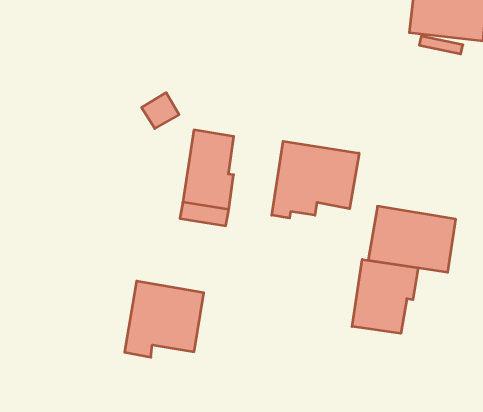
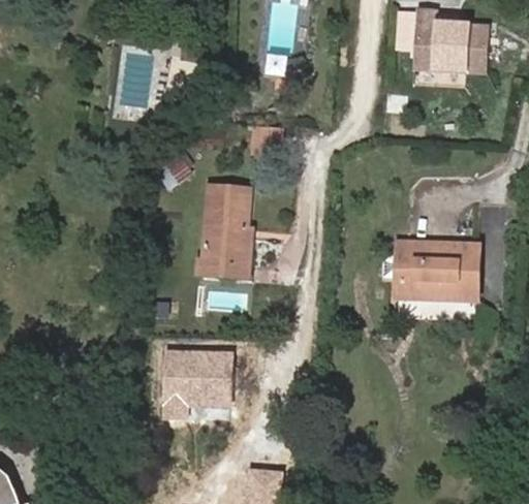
building: [272,141,359,218] -> none
building: [352,259,418,333] -> none

